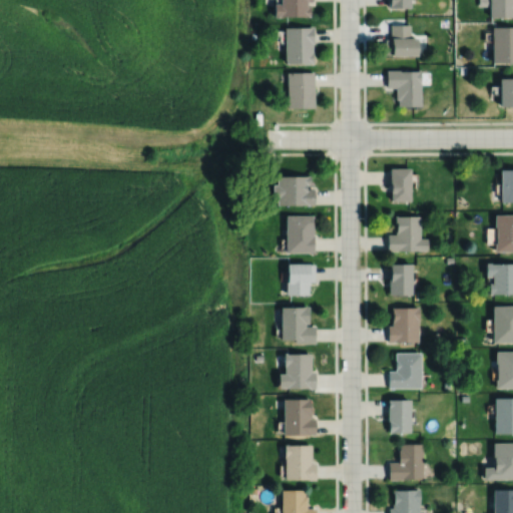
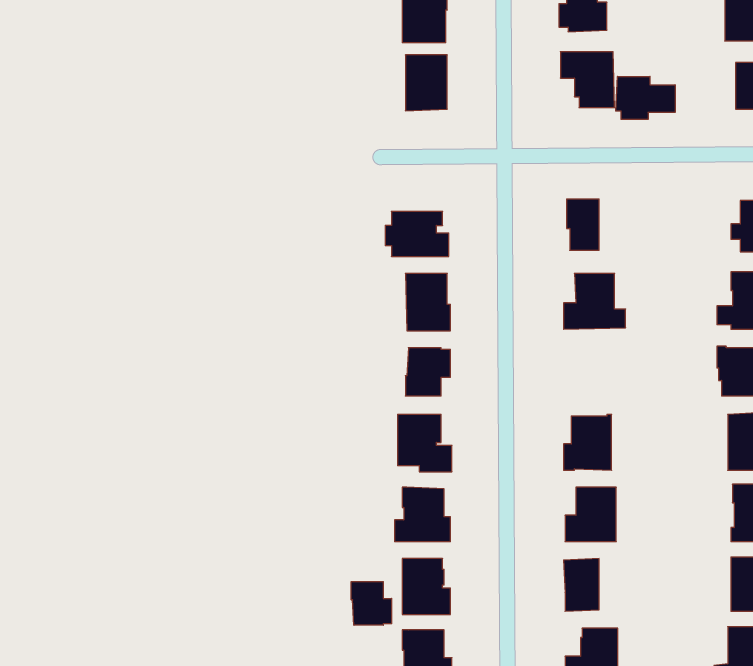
building: none -> [616,76,675,119]
building: [391,264,414,295] -> none
building: none -> [351,582,392,625]

